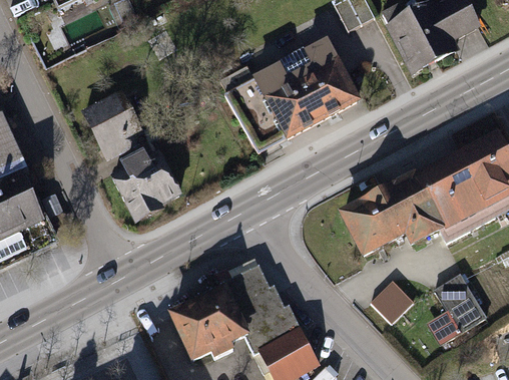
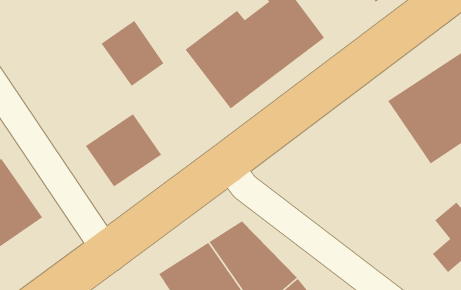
building: [86,93,145,157] -> [100,20,165,87]
building: [337,171,435,251] -> none
building: [372,282,416,325] -> none

